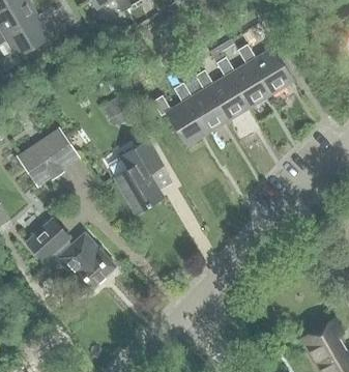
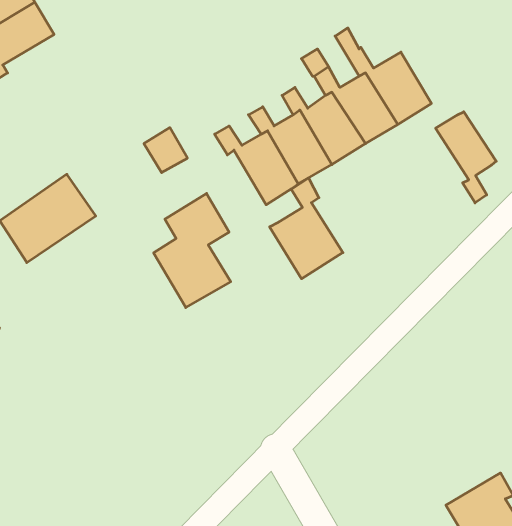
building: none -> [436,112,496,203]
building: none -> [270,178,343,279]
building: [26,218,116,297] -> none

